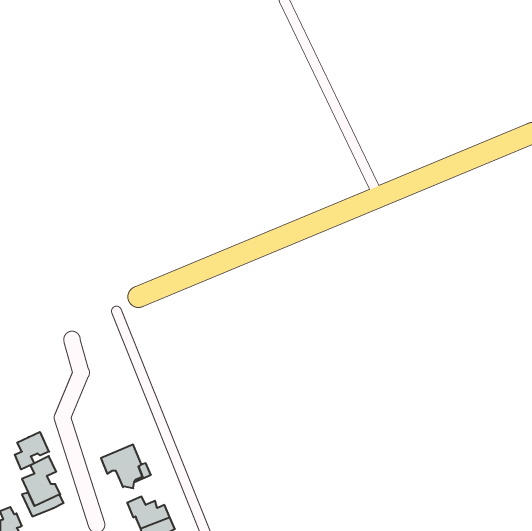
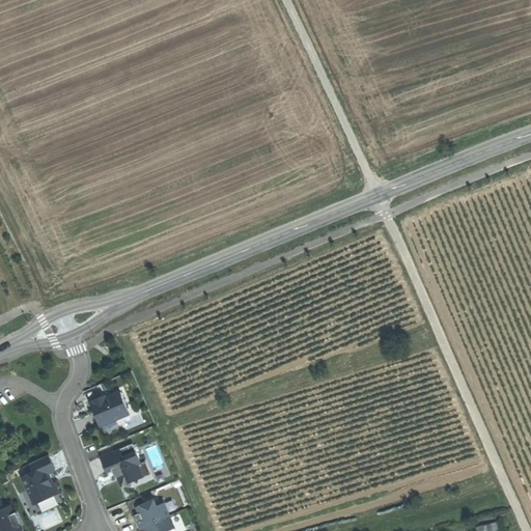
building: none -> [93,393,129,426]
building: [15,432,49,469] -> none

